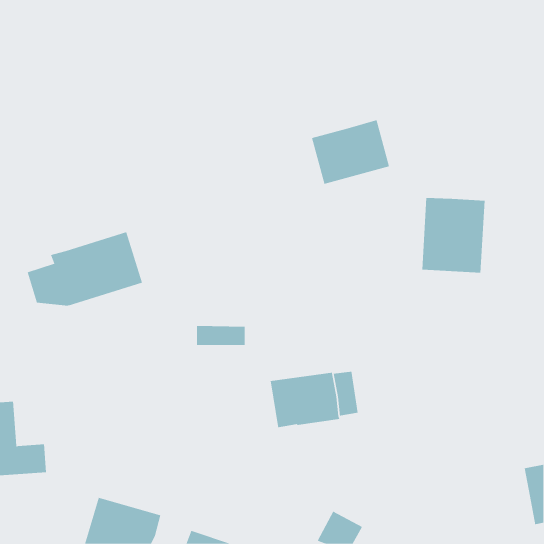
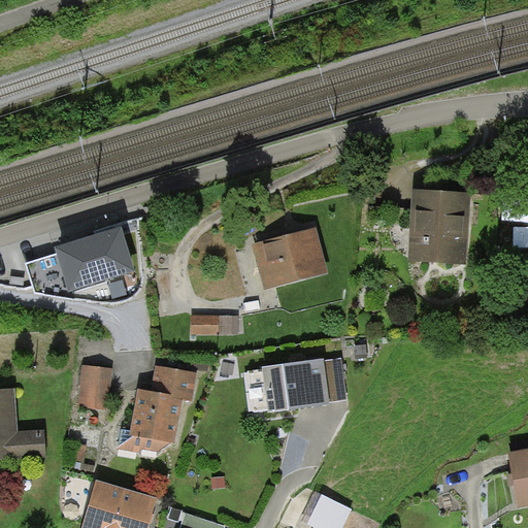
building: [311,120,390,185] -> [252,227,328,290]
building: none -> [76,365,111,410]
building: none -> [130,366,196,443]

